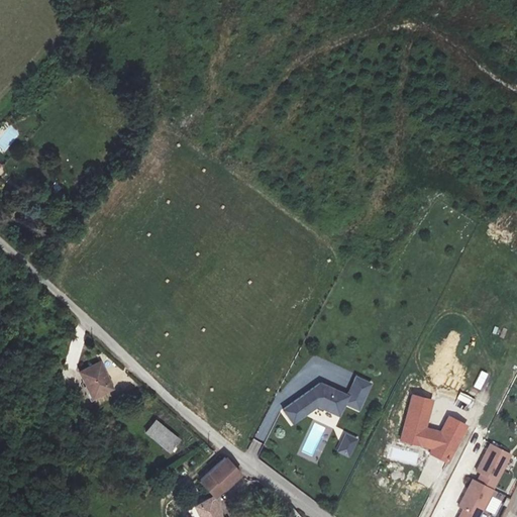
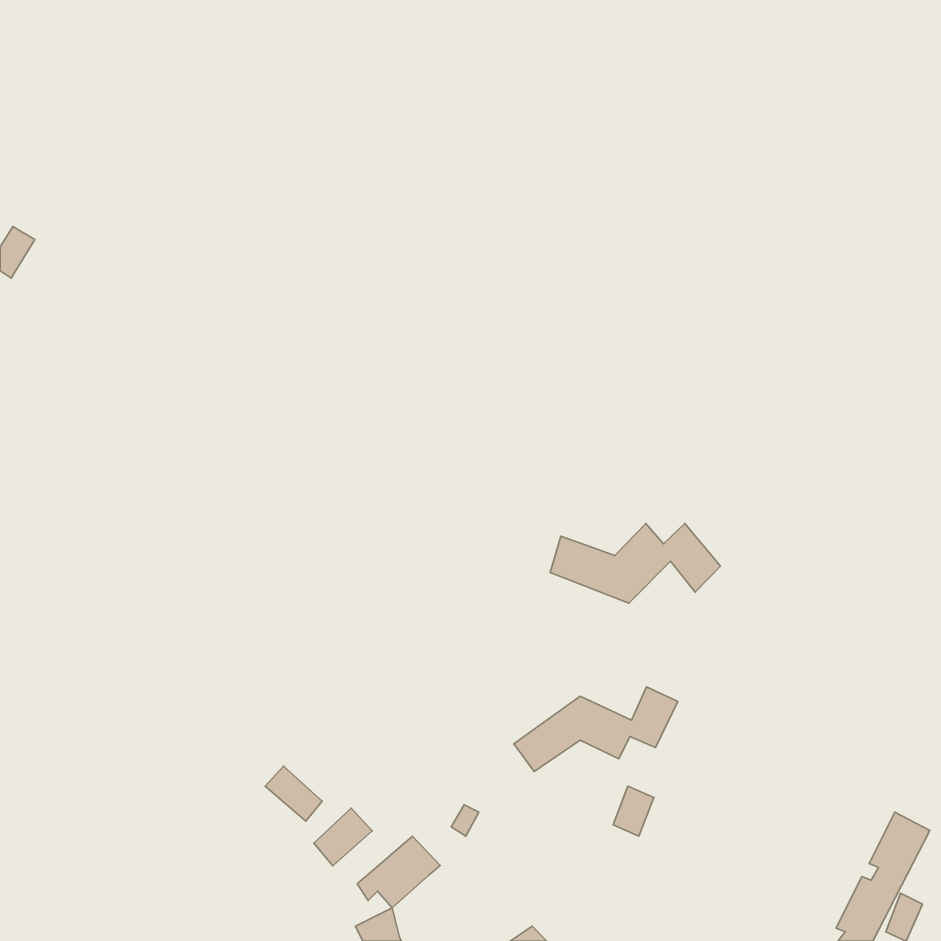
building: none -> [550,523,720,603]
building: [79,366,113,400] -> none
building: [401,397,467,463] -> none
building: none -> [314,808,372,866]

